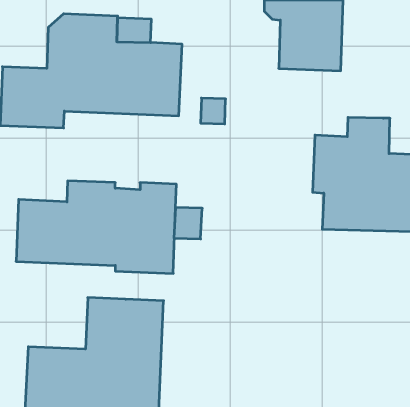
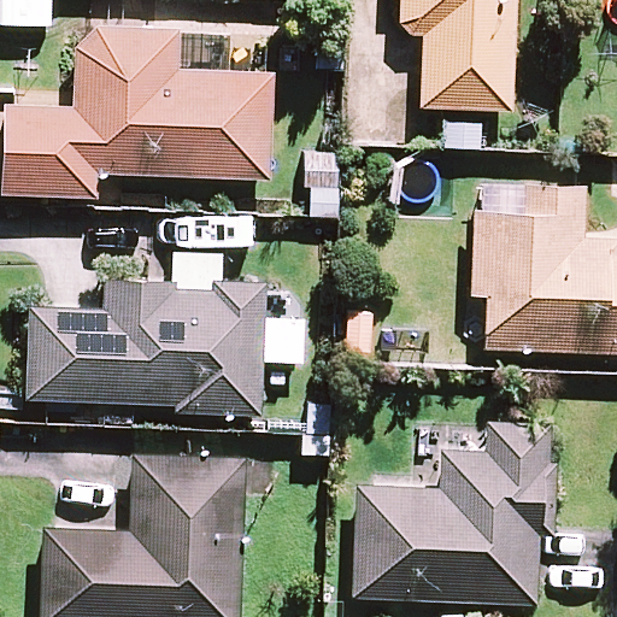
building: none -> [351,421,557,604]

